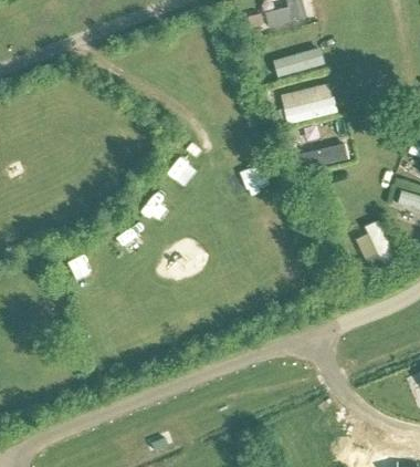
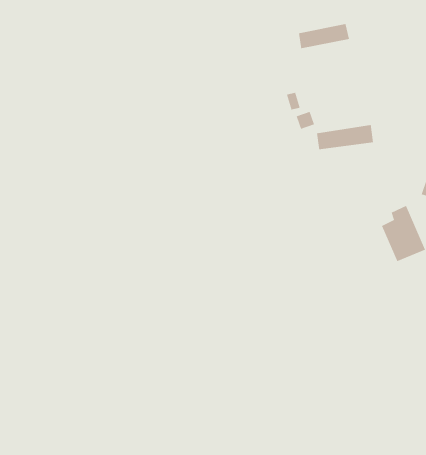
building: [279,82,337,124] -> none

